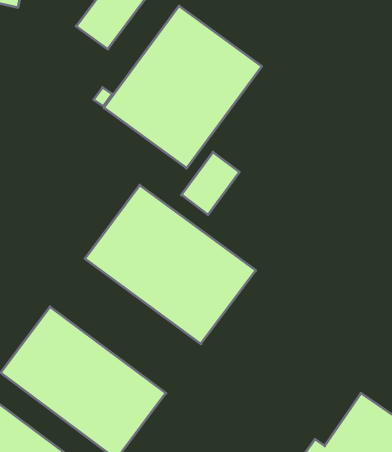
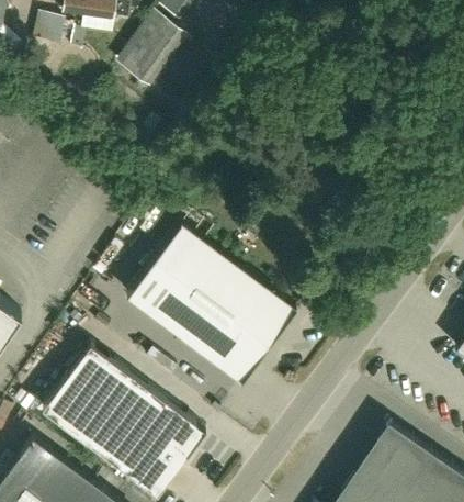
building: [104,6,262,168] -> none
building: [181,152,239,215] -> none

